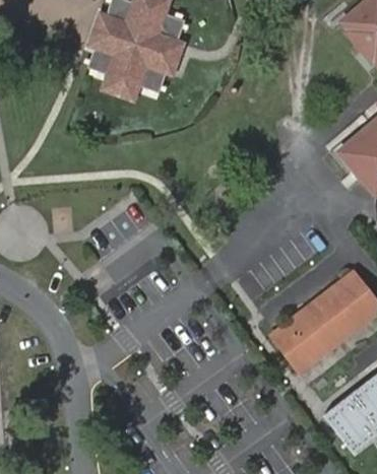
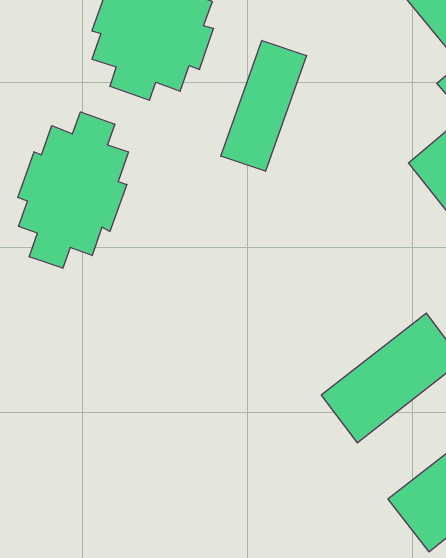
building: none -> [221,40,307,171]
building: none -> [18,112,129,268]

